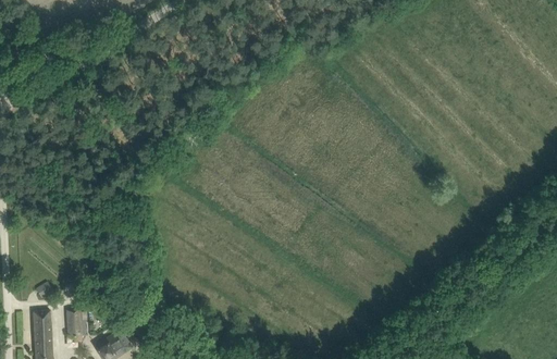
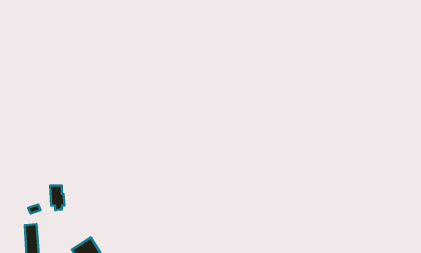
building: [65,308,84,341] -> [50,185,64,210]

